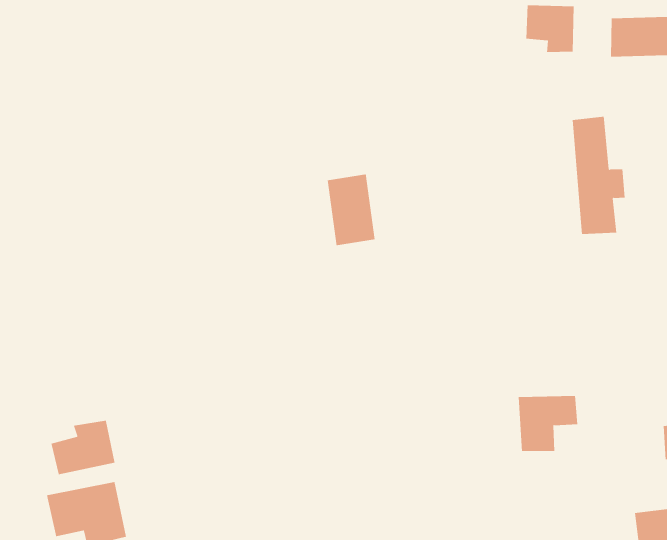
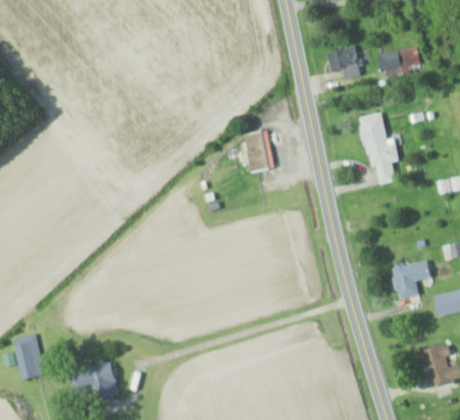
building: [327,174,375,246] -> [242,128,274,173]
building: [518,396,578,451] -> [392,260,429,297]
building: [51,420,115,475] -> none

